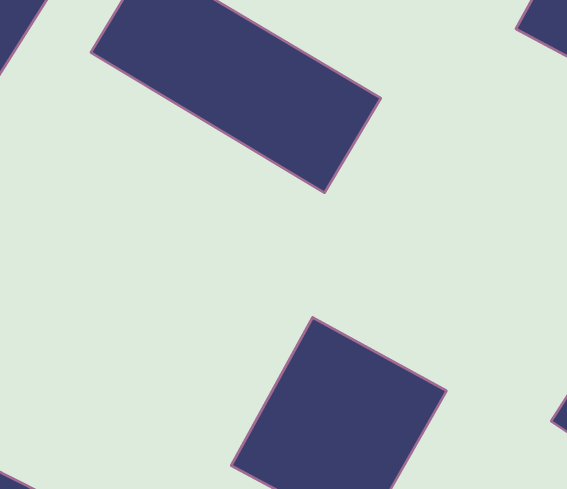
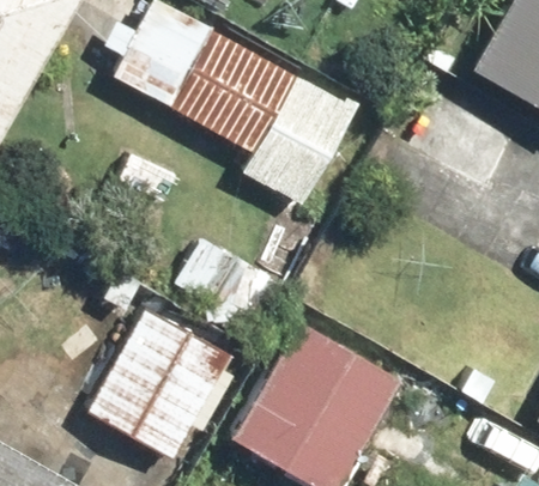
building: none -> [92,318,230,457]

